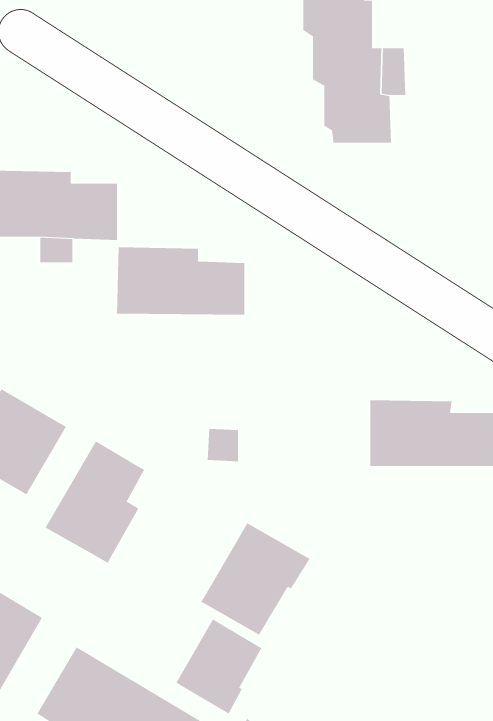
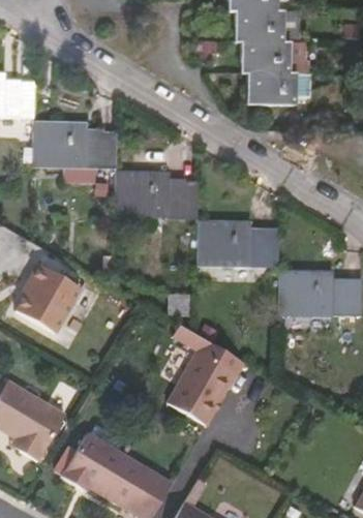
building: none -> [196,221,278,265]
building: [45,440,145,564] -> none
building: [175,619,262,715] -> none

